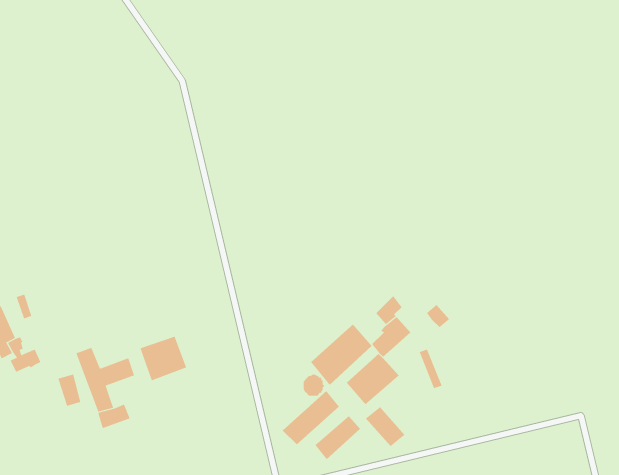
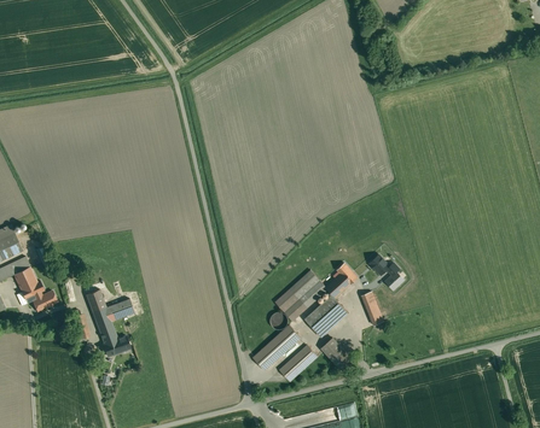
building: [140,336,187,381] -> none

